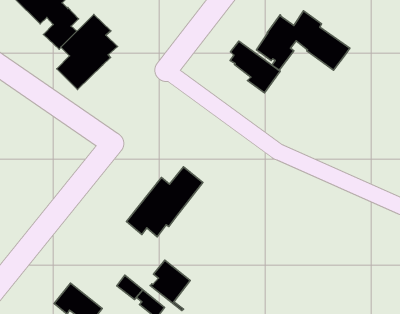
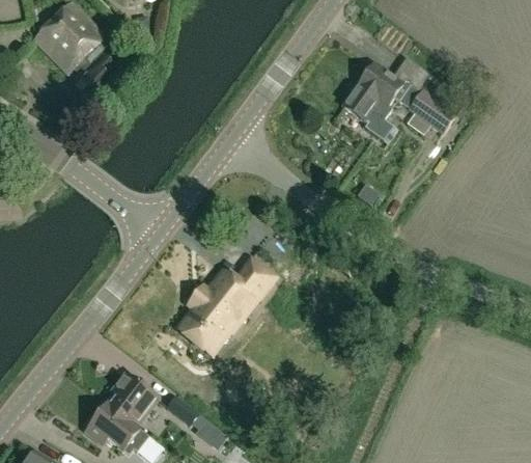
building: [57,14,117,89] -> none
building: [230,41,280,93] -> none
building: [150,260,190,311] -> [105,374,156,438]

